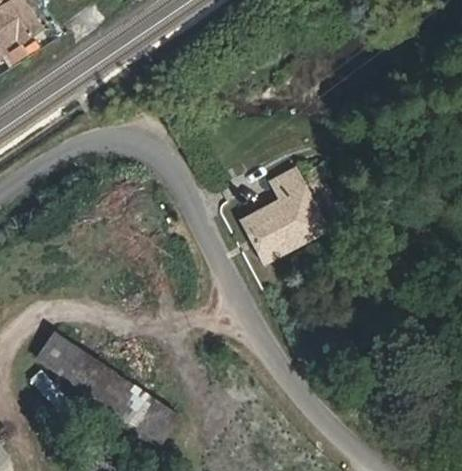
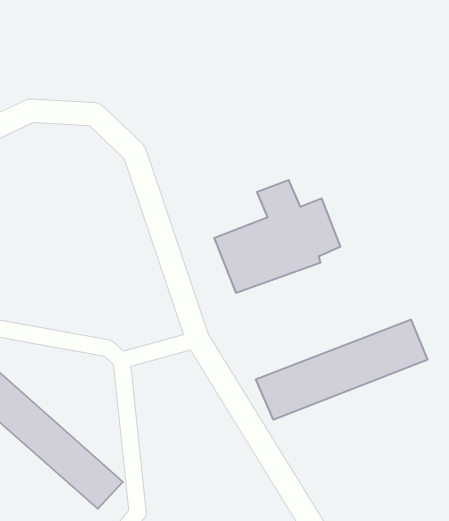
building: none -> [256,320,428,420]

